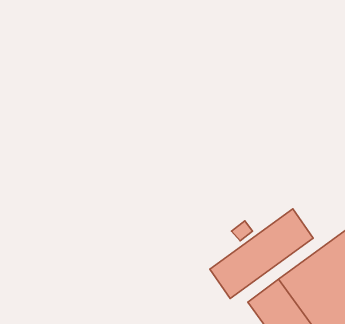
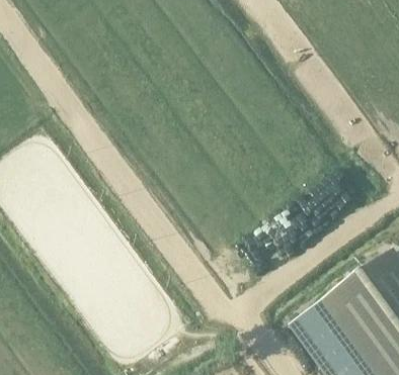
building: [210,209,313,299] -> none

